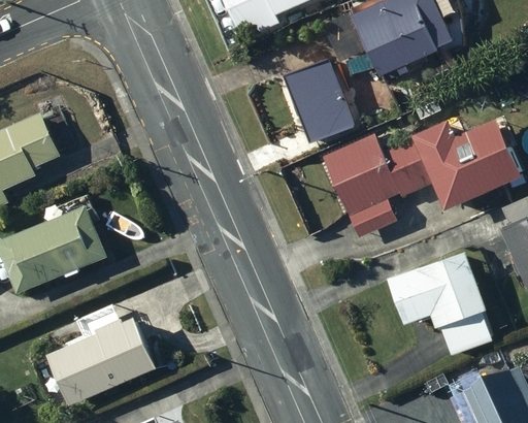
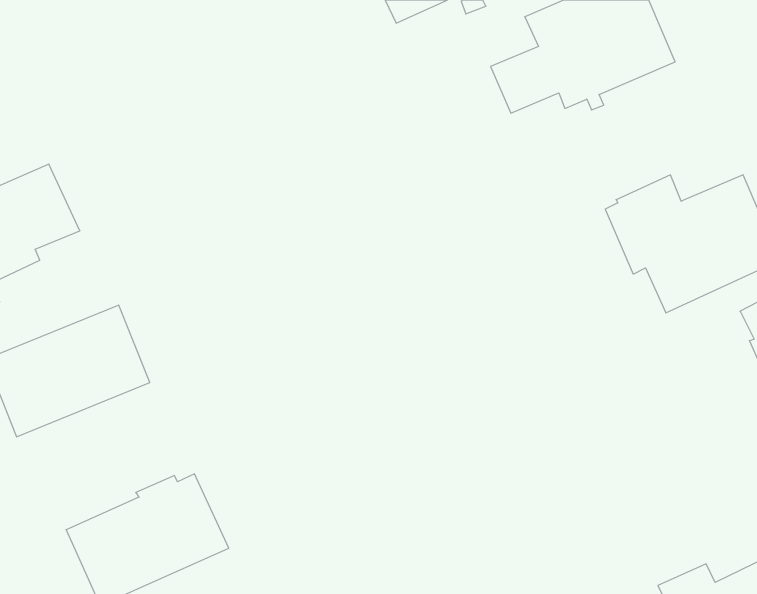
building: [284,57,353,142] -> none
building: [321,132,428,236] -> none
building: [388,251,491,355] -> none

